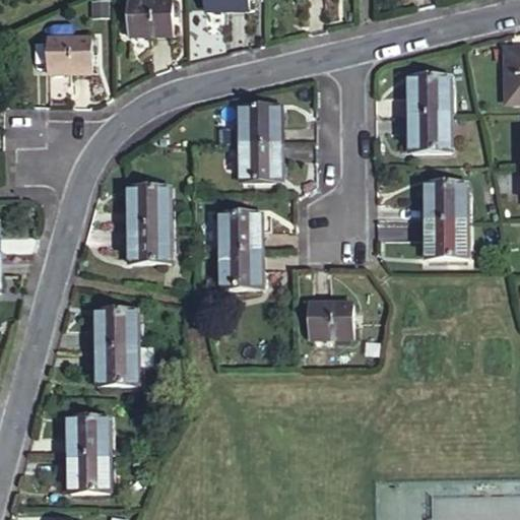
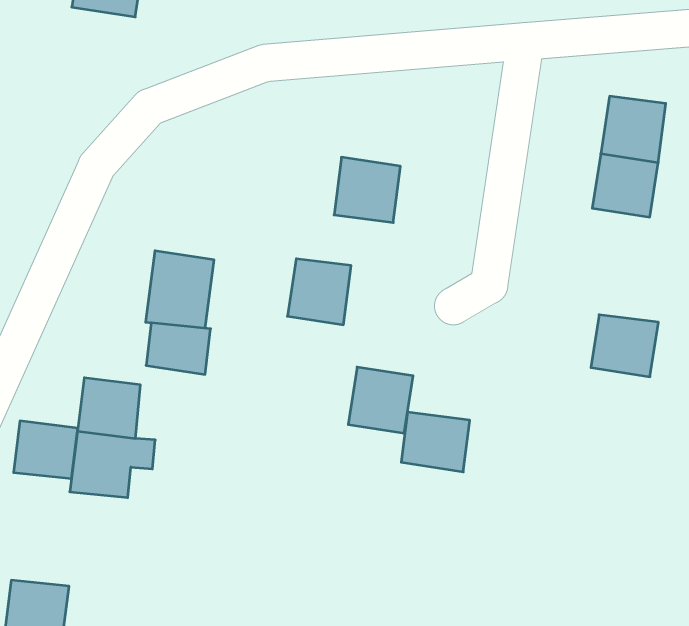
building: [239,103,279,140] -> none
building: [425,177,464,217] -> none
building: [126,190,167,220] -> [146,323,211,374]
building: [220,250,258,288] -> [348,367,413,433]
building: [65,415,105,451] -> [14,421,78,478]

